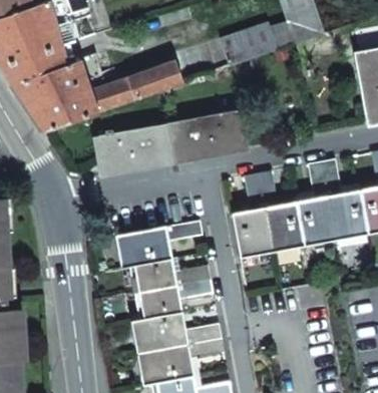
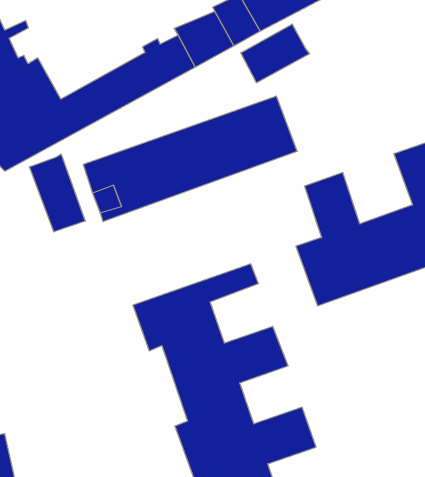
building: none -> [241,24,309,83]
building: none -> [30,154,85,232]

